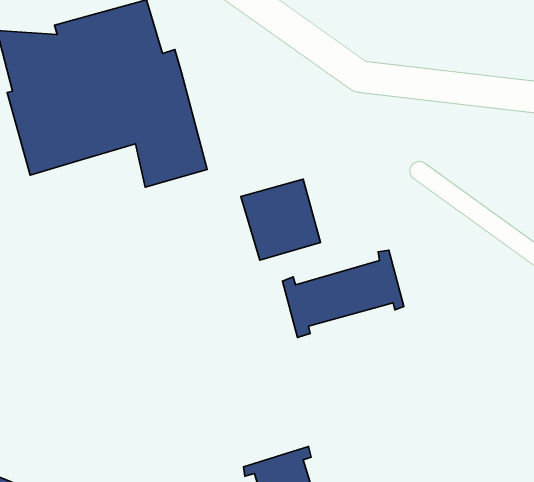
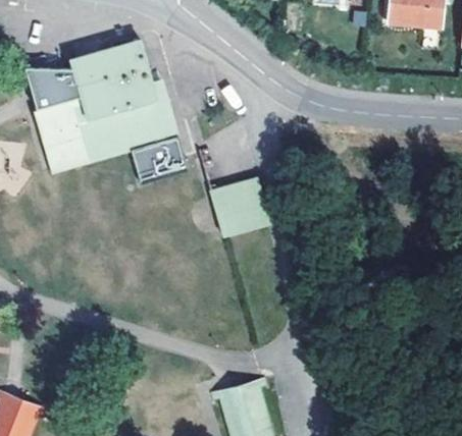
building: [283,250,404,337] -> none

